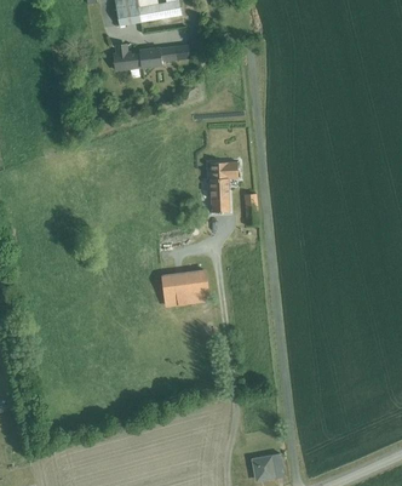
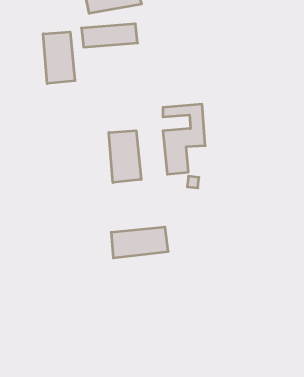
building: none -> [43,32,75,84]
building: none -> [109,131,141,183]

